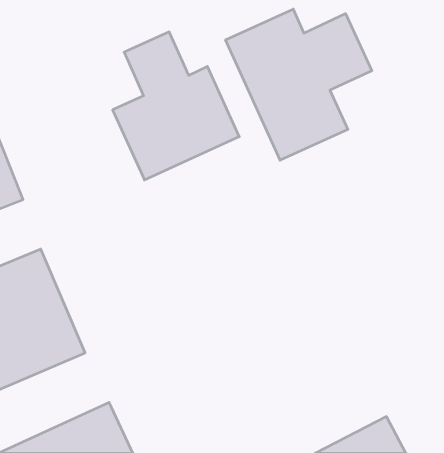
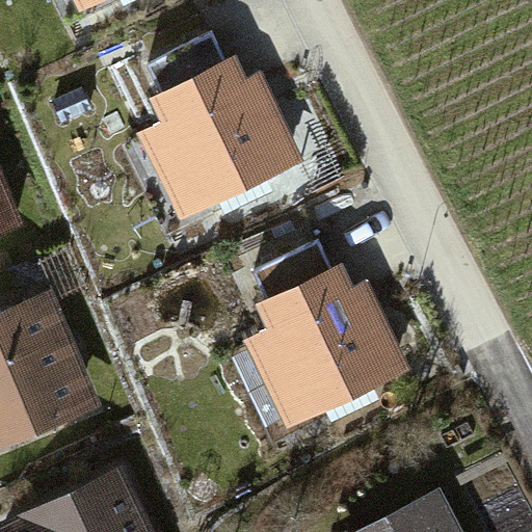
building: [226,9,372,160] -> none
building: none -> [242,265,395,419]

